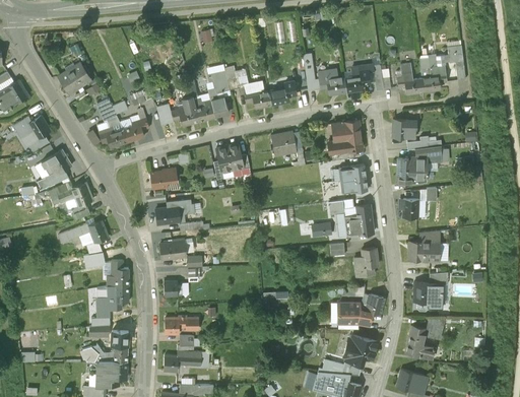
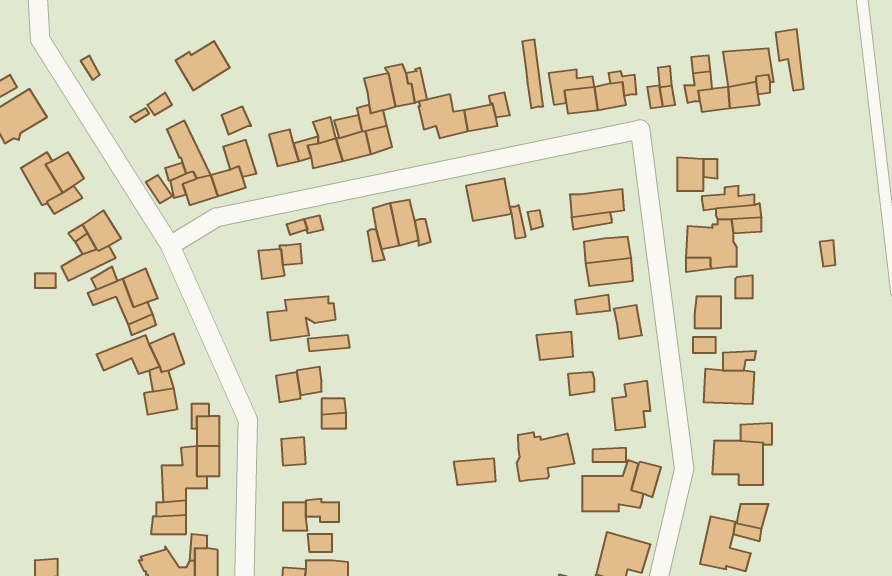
building: [59,65,90,93] -> [175,41,230,90]
building: [334,120,361,140] -> none
building: [345,215,373,236] -> none
building: none -> [517,432,574,481]

